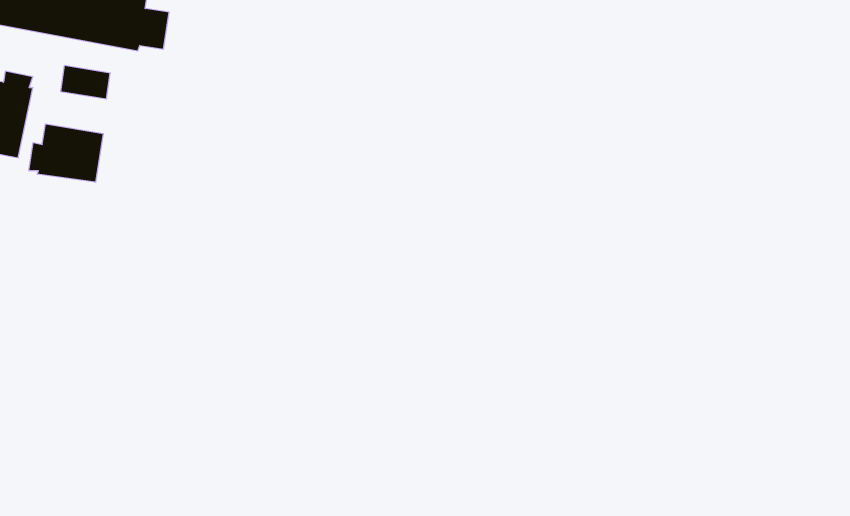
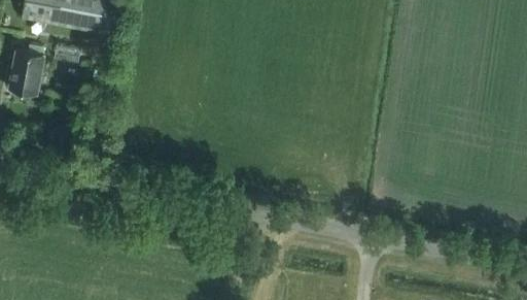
building: [29,124,103,182] -> none

